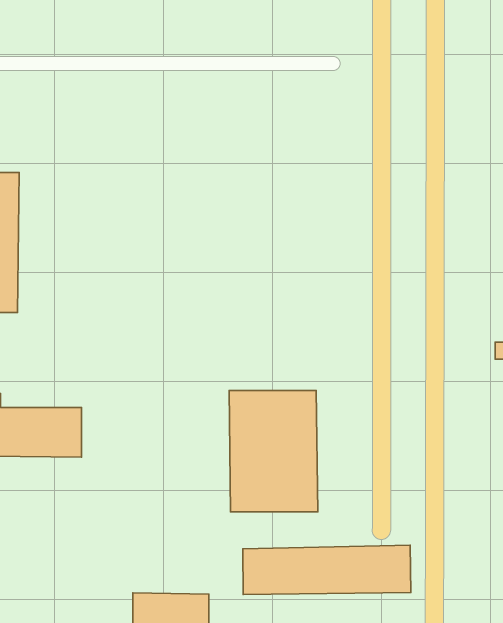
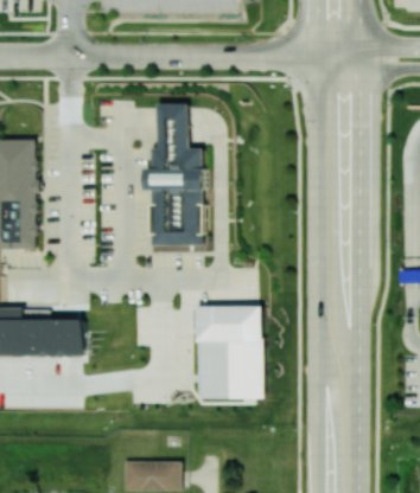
building: none -> [146,103,204,245]
building: [243,545,411,595] -> none

